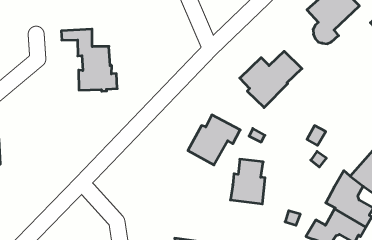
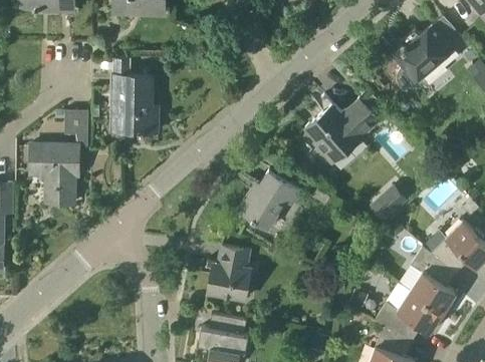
building: none -> [30,110,88,204]
building: [230,159,265,204] -> [208,245,251,300]

